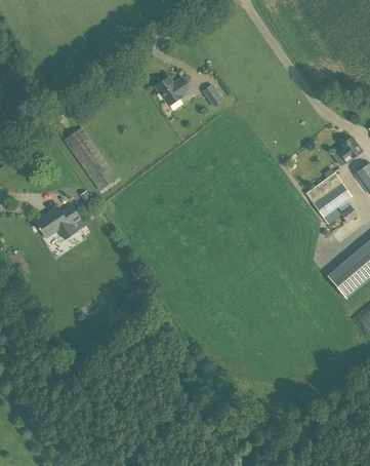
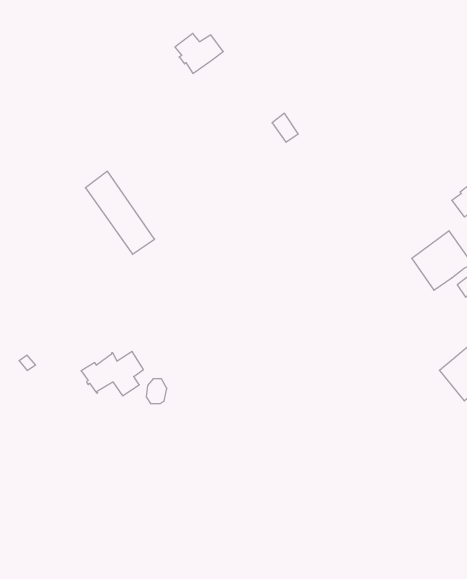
building: [155,76,191,106] -> [175,33,223,74]
building: [34,205,80,238] -> [81,351,143,396]

